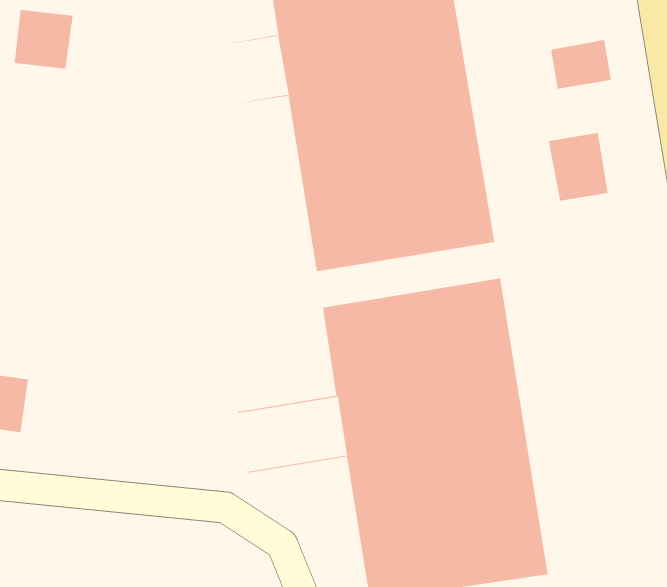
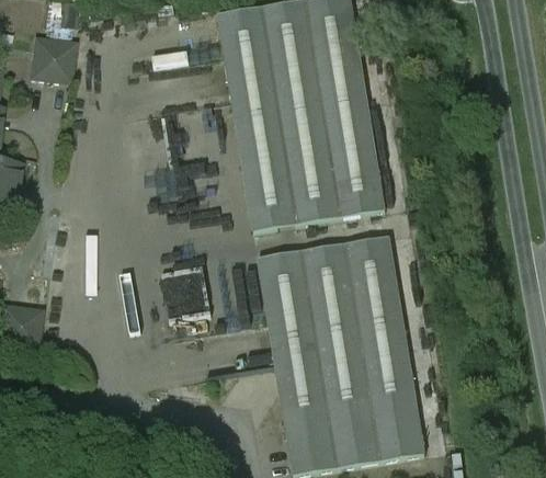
building: [551,39,611,90] -> none
building: [548,132,608,202] -> none

